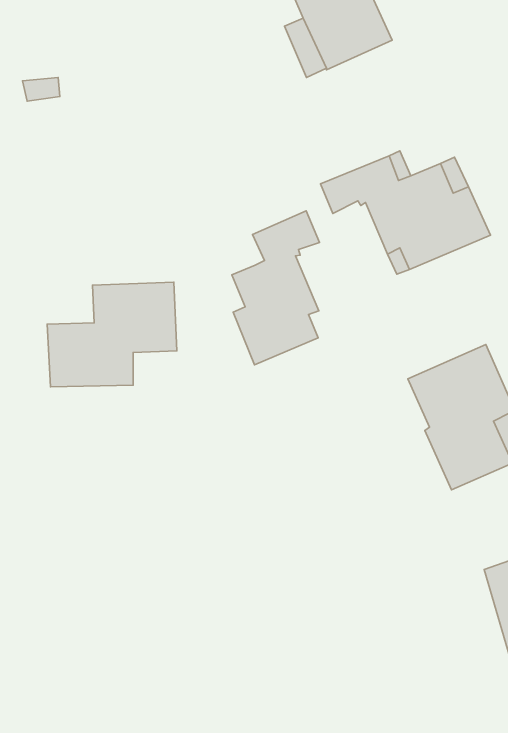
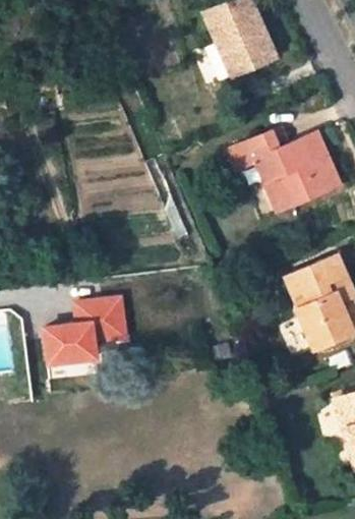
building: [232,211,319,365] -> none
building: [47,282,177,387] -> [41,294,125,362]

